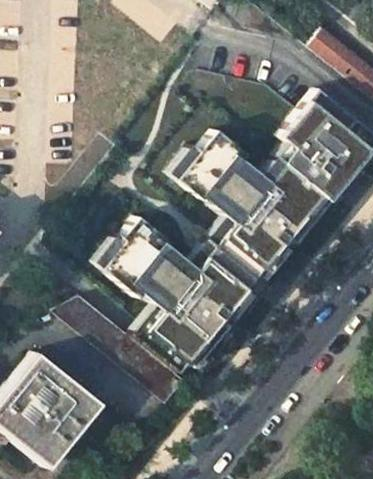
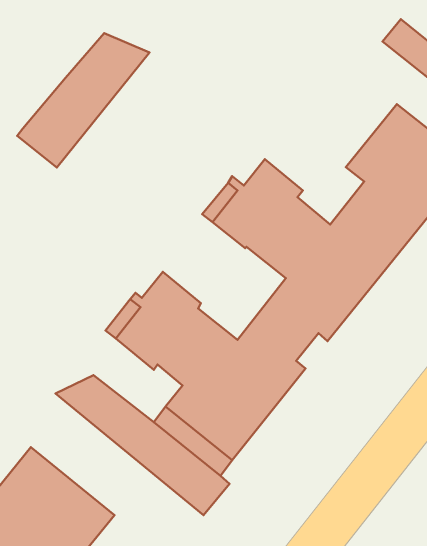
building: none -> [17,33,150,167]

